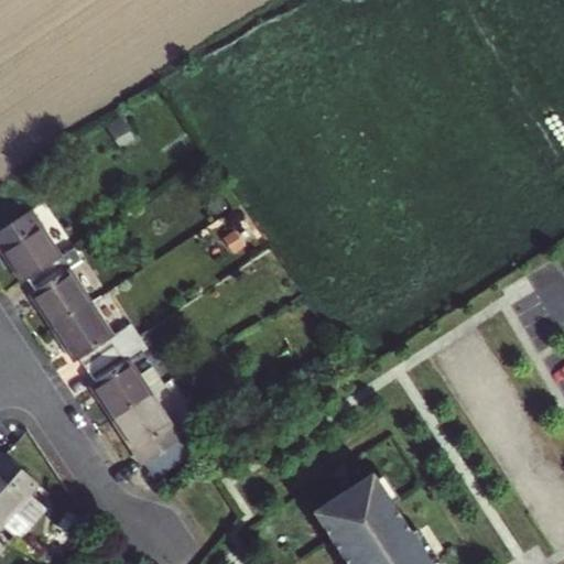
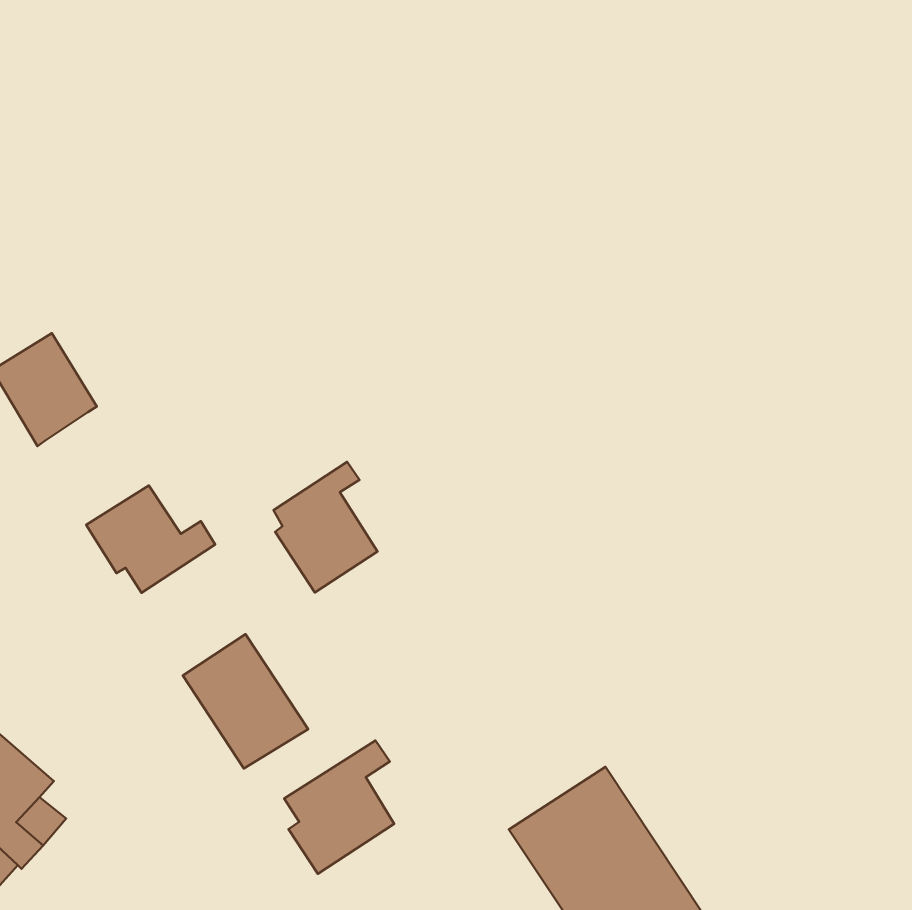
building: [28,257,91,326] -> none
building: [87,338,151,419] -> [274,462,377,593]
building: none -> [284,740,394,874]

